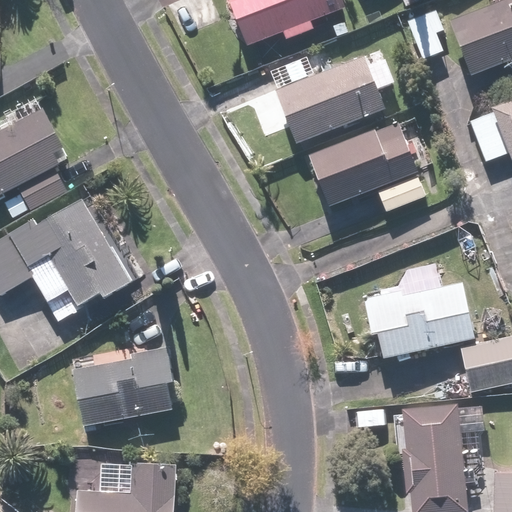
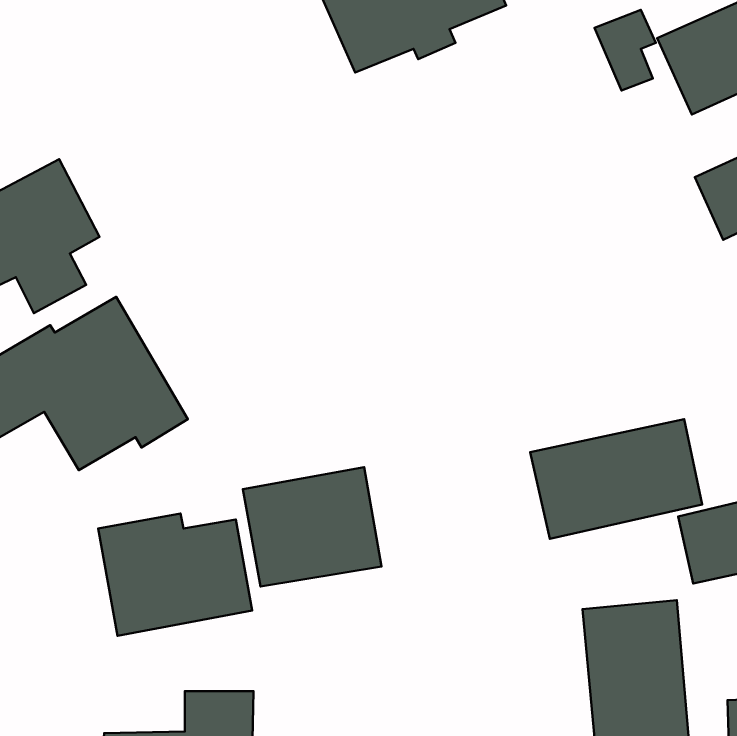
building: [269,48,395,147] -> none
building: [306,122,426,212] -> none
building: none -> [243,467,382,587]

